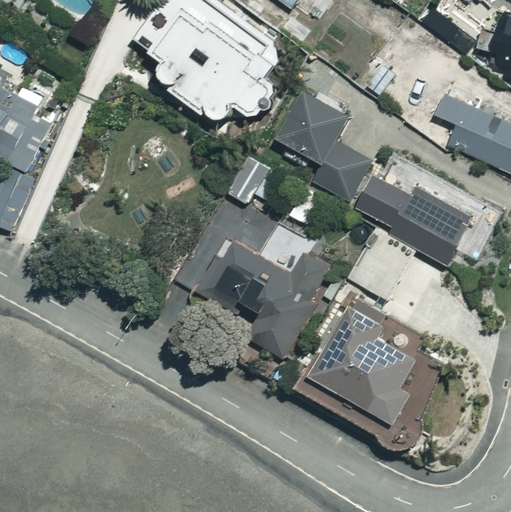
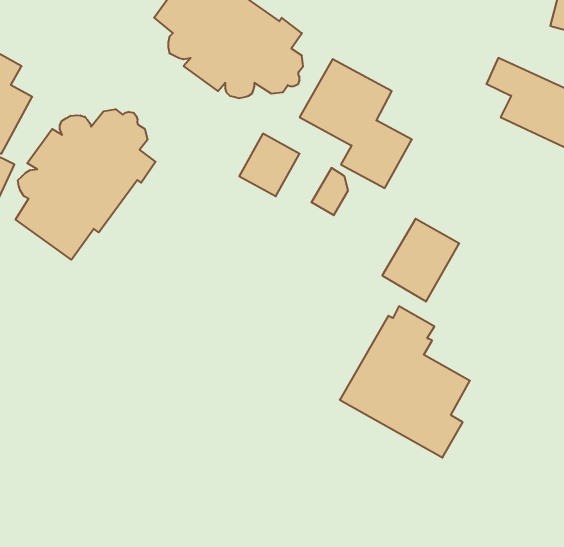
building: none -> [16,109,156,260]
building: [355,172,472,261] -> none
building: [195,238,326,359] -> none

